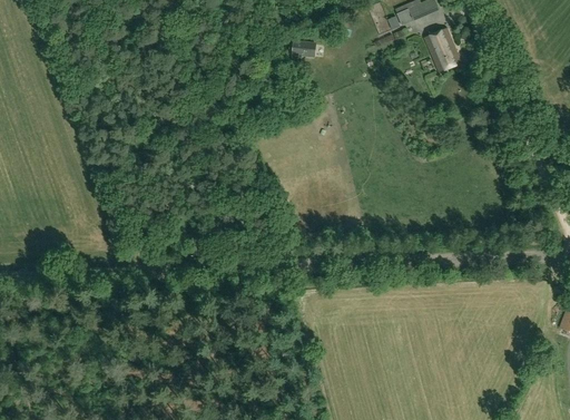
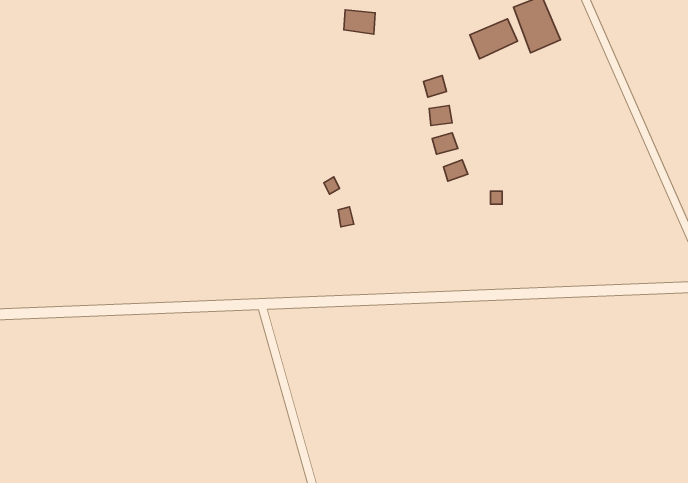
building: none -> [470,19,517,59]

